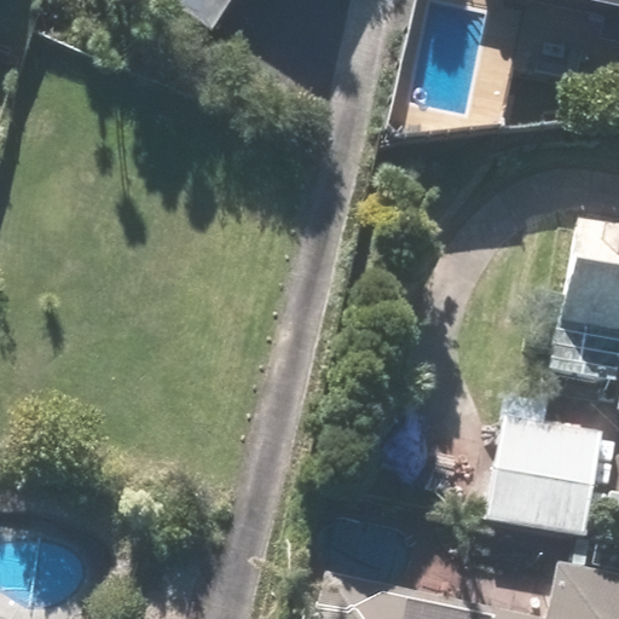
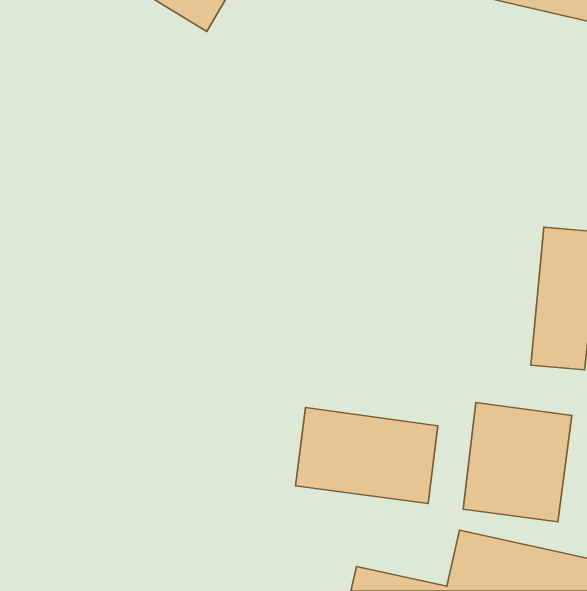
building: none -> [295,407,438,503]

